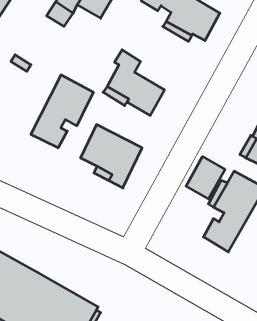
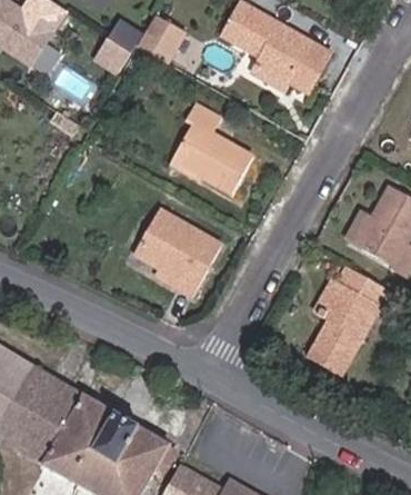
building: [31,75,93,148] -> none
building: [186,157,225,199] -> none

